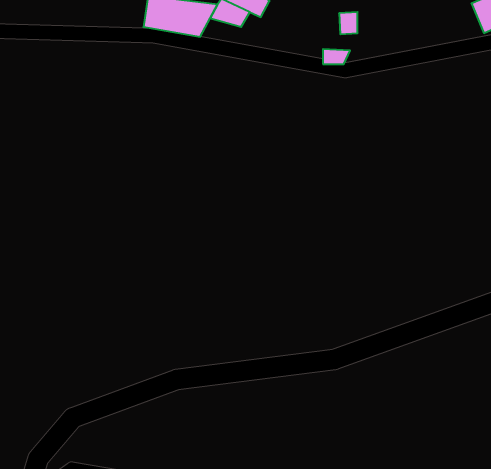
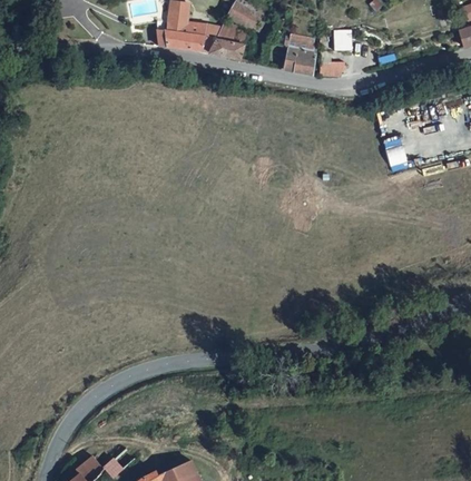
building: none -> [208,36,245,60]
building: none -> [283,43,314,76]

